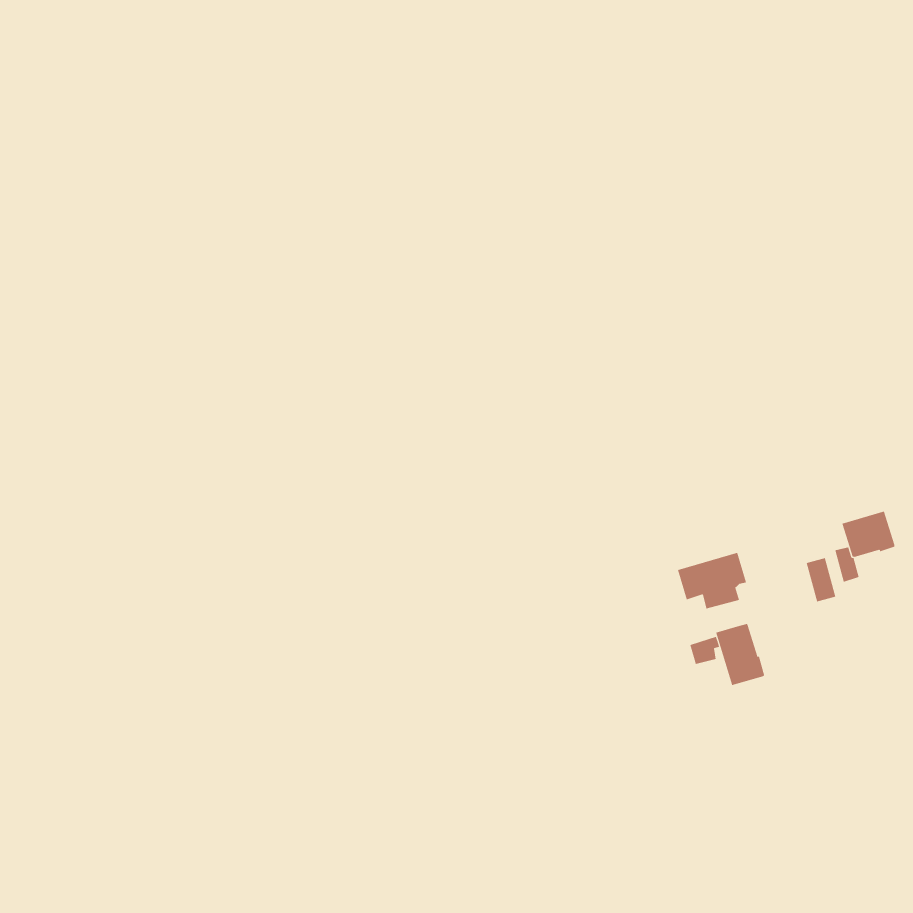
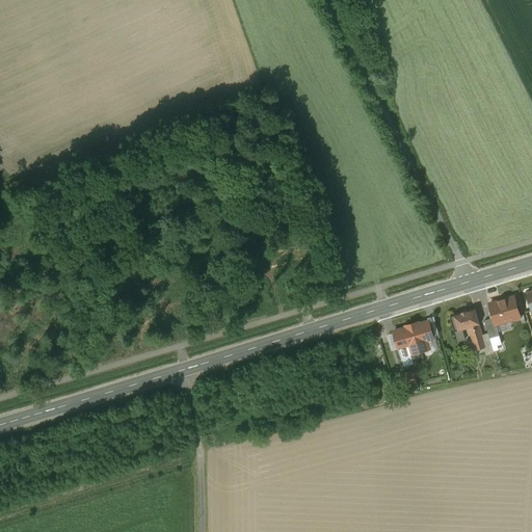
building: none -> [451,309,480,331]
building: [716,623,765,686] -> none

